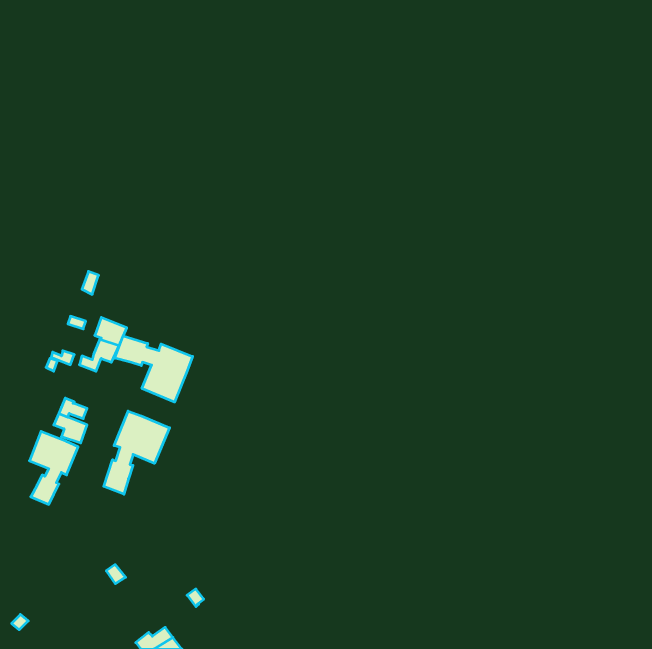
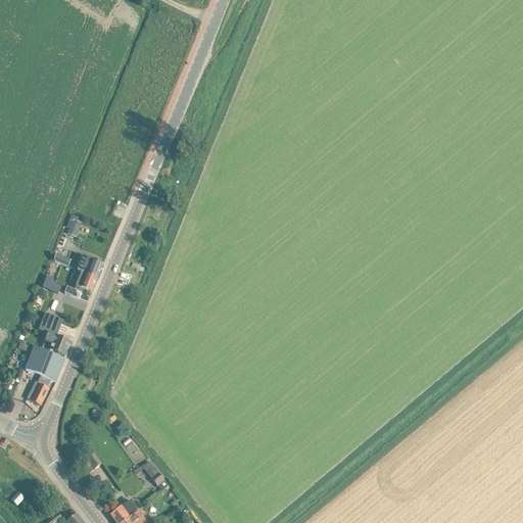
building: [115,336,193,402] -> none
building: [104,411,170,494] -> none

